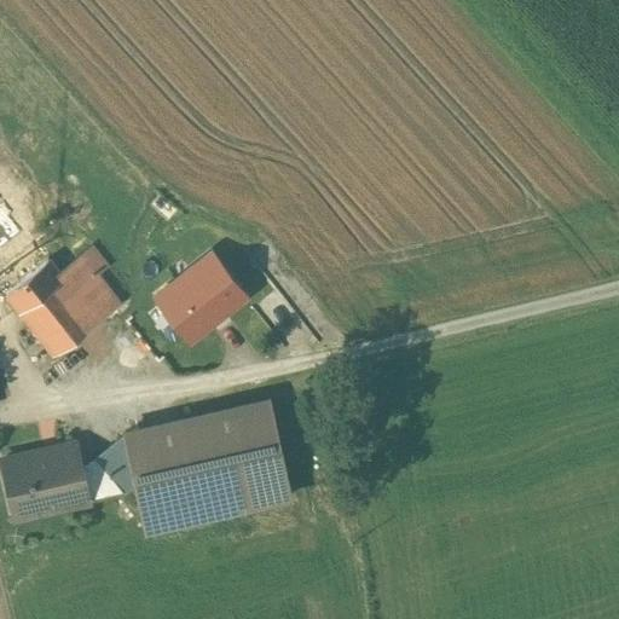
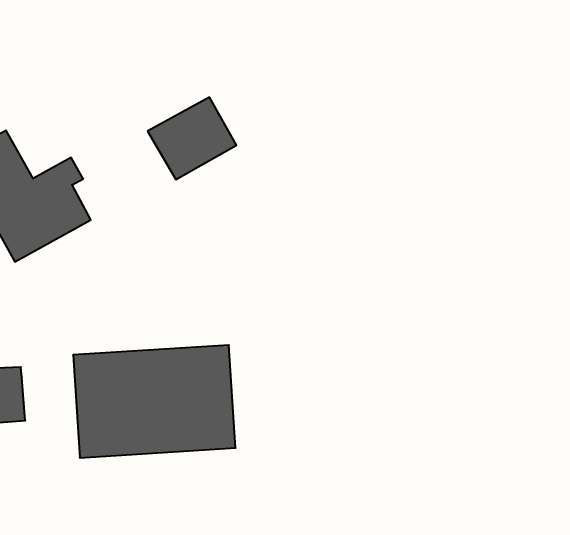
building: [157,256,243,339] -> [148,97,236,179]
building: [79,450,134,501] -> none

